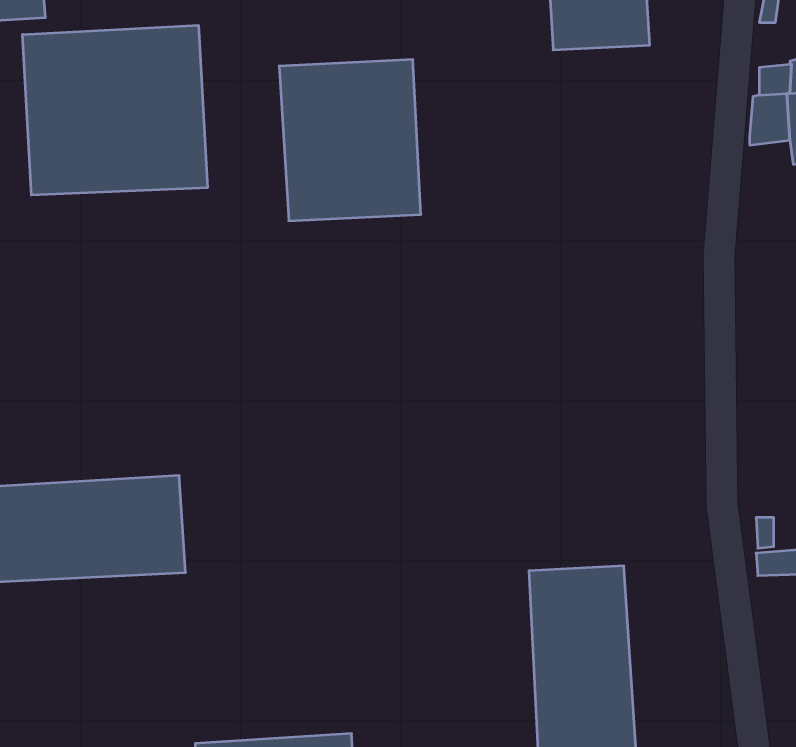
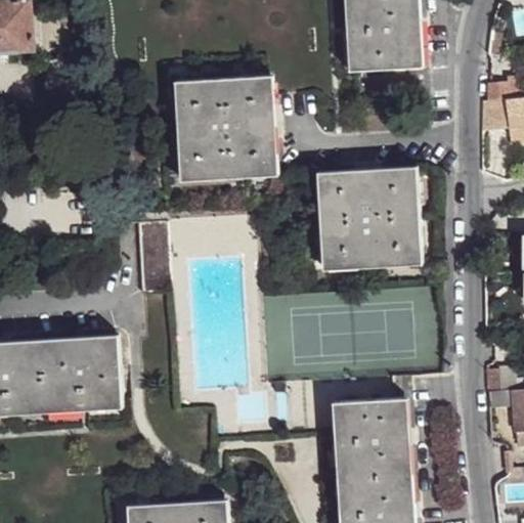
building: [23,25,207,195] -> none
building: none -> [318,172,422,262]
building: none -> [139,221,169,291]

